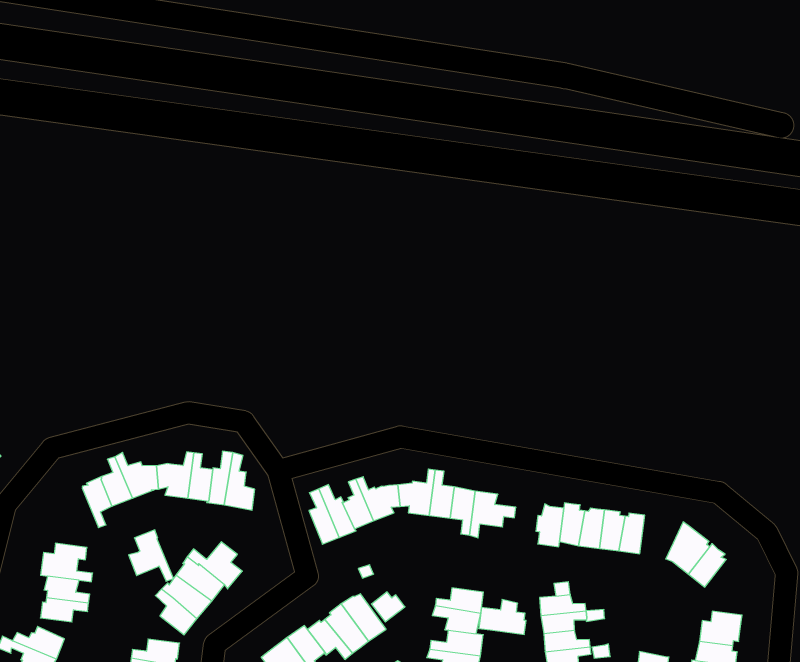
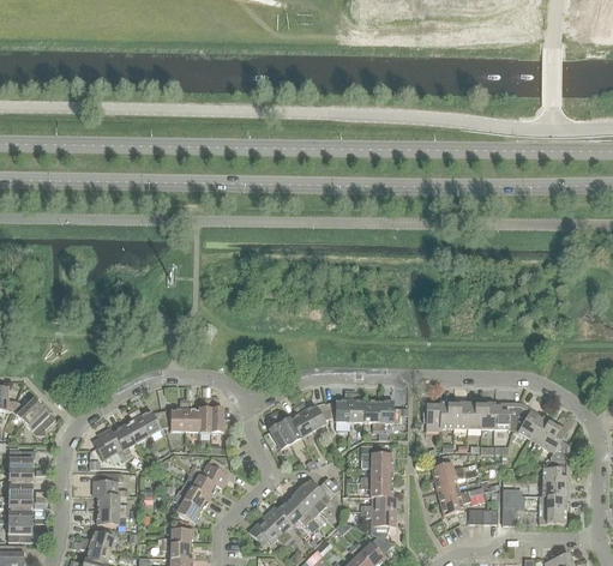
building: none -> [494,403,521,430]
building: [129,530,174,581] -> [95,428,127,462]
building: none -> [541,426,569,462]
building: [479,599,526,634] -> [361,447,392,469]

